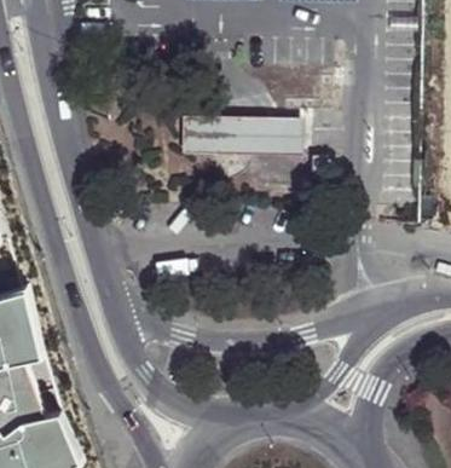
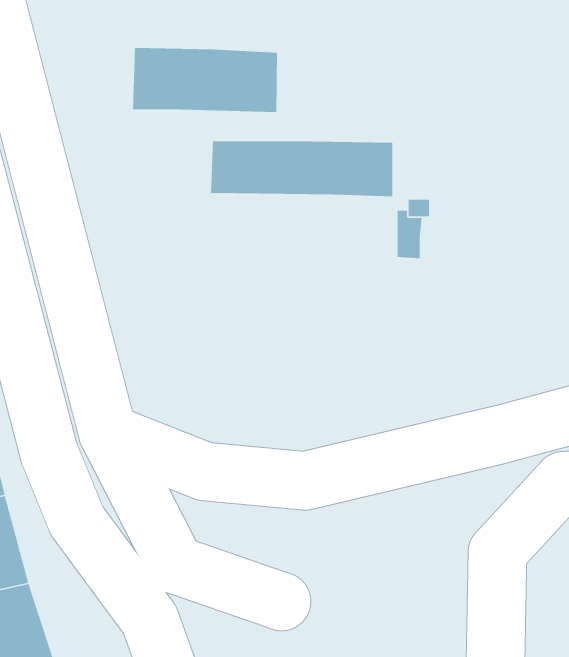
building: none -> [132,47,278,113]

